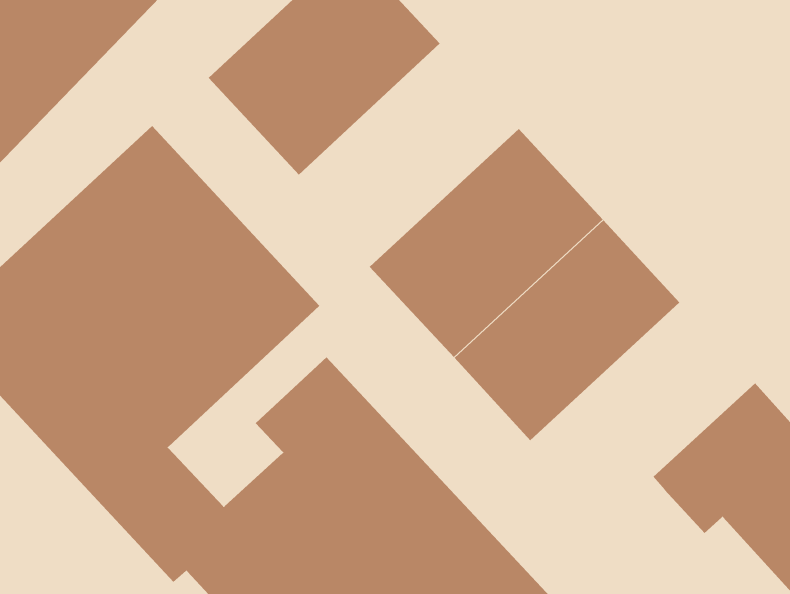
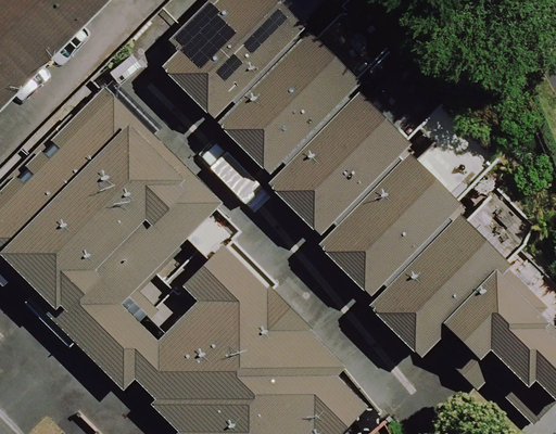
building: none -> [206,29,353,178]
building: none -> [361,202,510,356]

